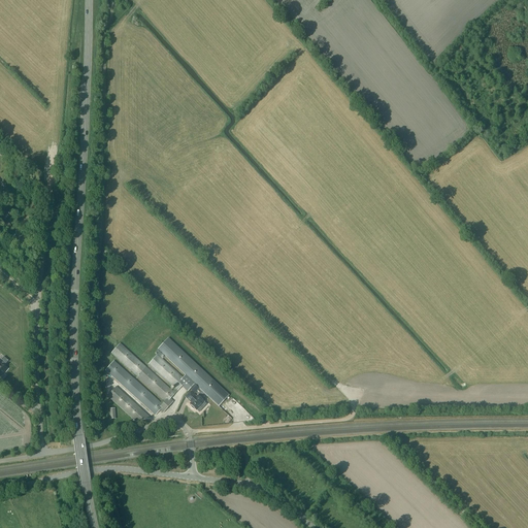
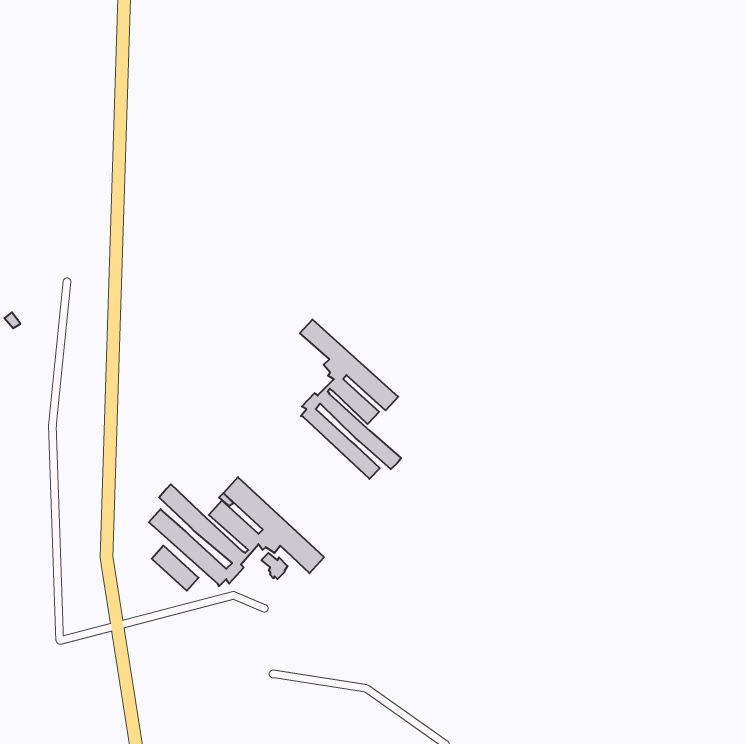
building: none -> [300,319,401,479]

